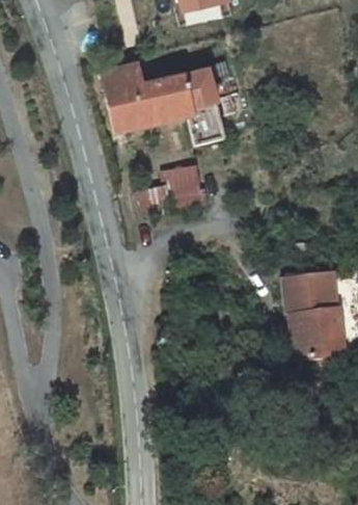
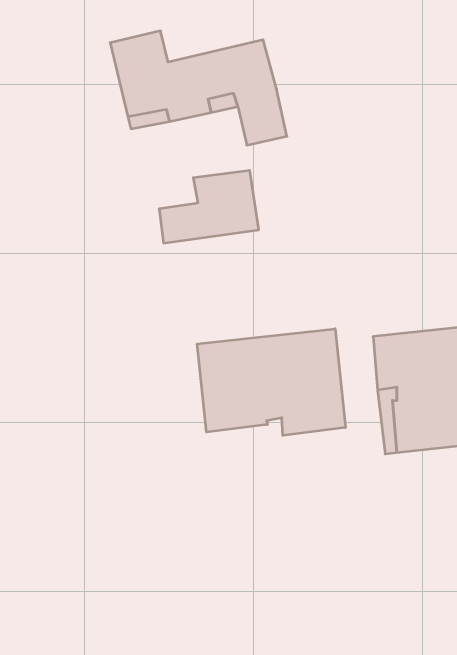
building: none -> [197,329,345,435]

